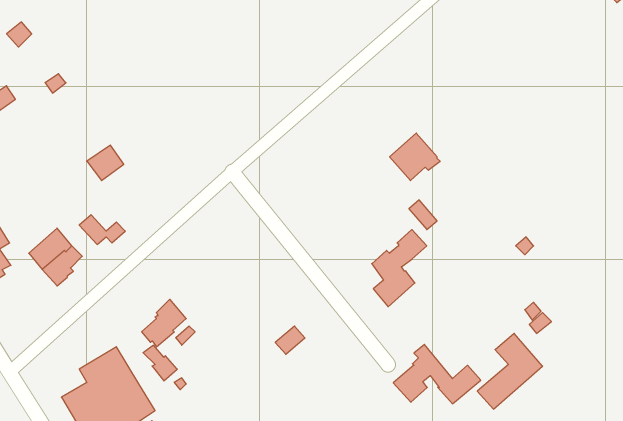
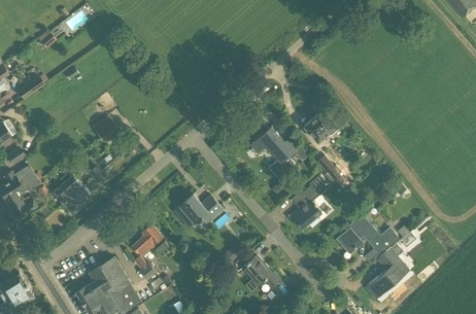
building: none -> [243,128,307,178]
building: none -> [173,195,223,229]
building: [393,344,481,404] -> [338,213,399,254]
building: none -> [242,256,280,288]

